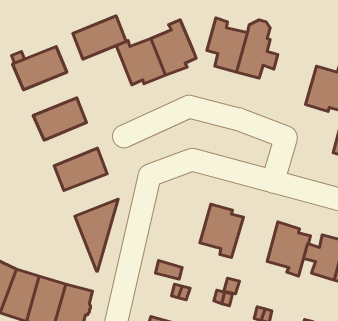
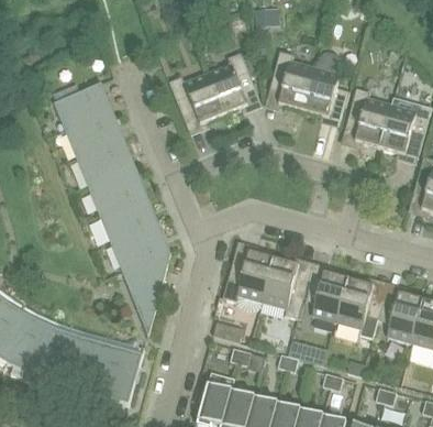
building: [73,16,126,59] -> [66,110,125,158]
building: none -> [344,87,392,146]
building: none -> [89,166,148,215]
building: none -> [111,223,171,271]
building: none -> [223,251,275,307]
building: none -> [303,271,349,321]

